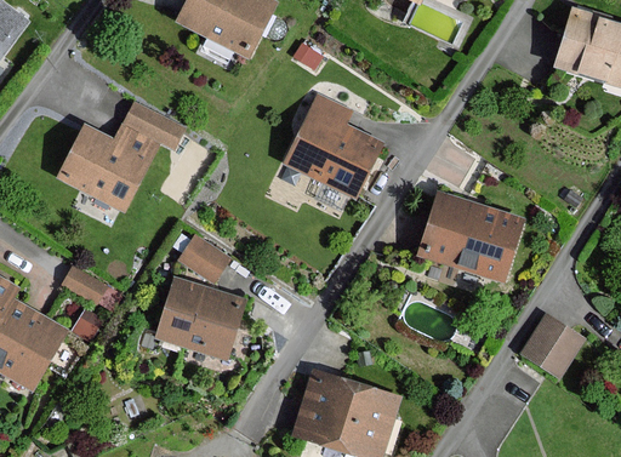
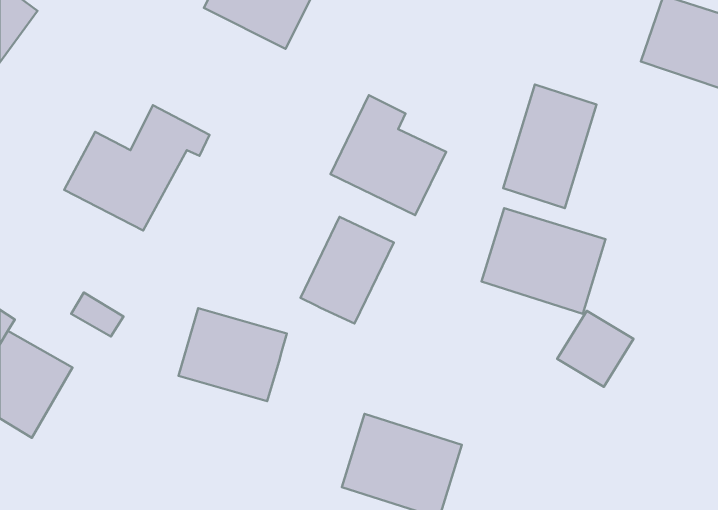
building: none -> [503,85,597,208]
building: none -> [300,217,394,324]
building: [178,234,229,281] -> none
building: [524,315,589,381] -> [557,311,633,387]

